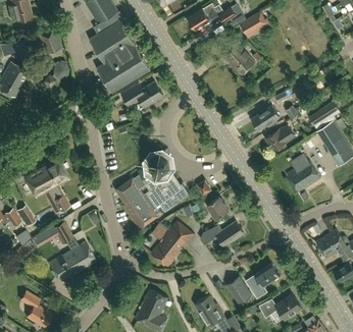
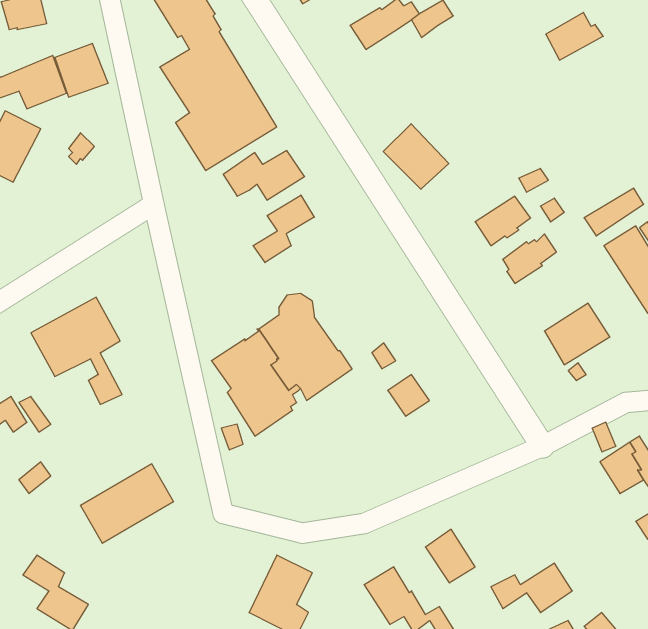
building: [242,12,271,37] -> [546,12,603,60]
building: [222,42,256,75] -> [383,124,449,189]
building: none -> [253,195,314,263]
building: [32,220,74,244] -> none
building: [152,221,195,267] -> none
building: [200,221,244,245] -> none
building: [250,263,281,292] -> none

